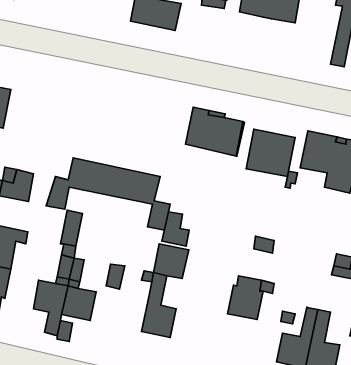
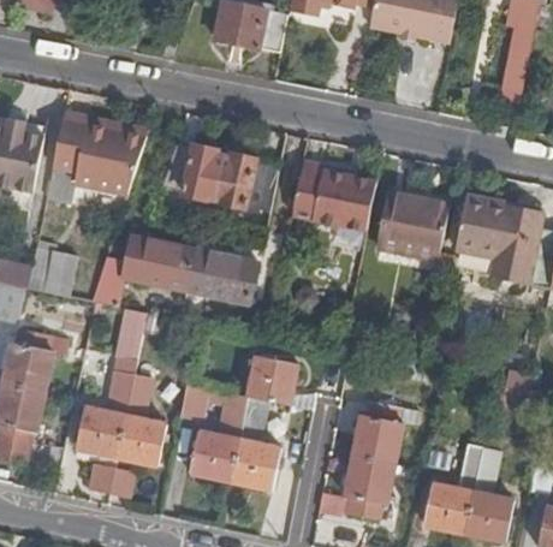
building: none -> [42,112,145,224]
building: none -> [161,142,279,210]
building: [162,212,189,246] -> none
building: none -> [190,426,240,481]
building: none -> [343,456,394,518]

